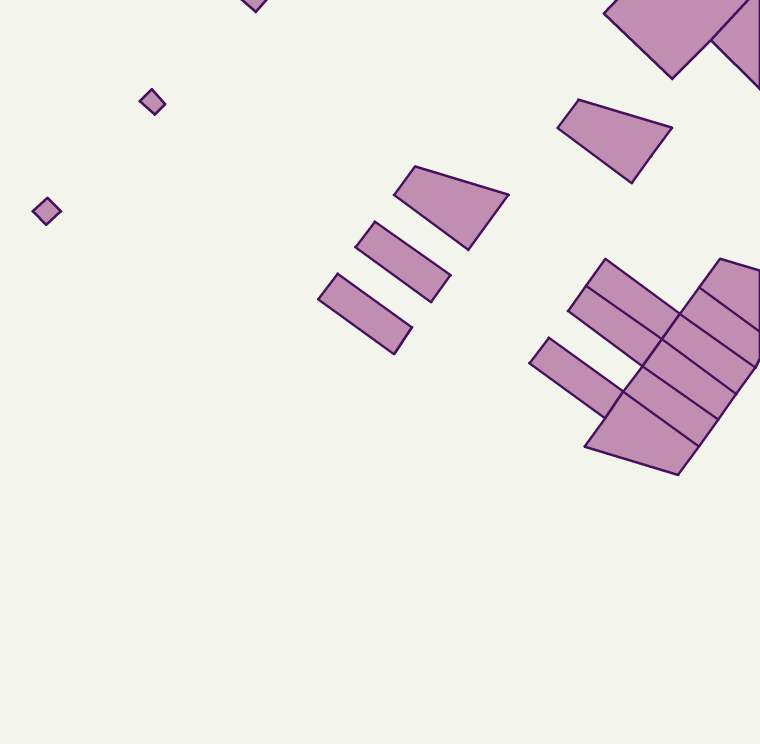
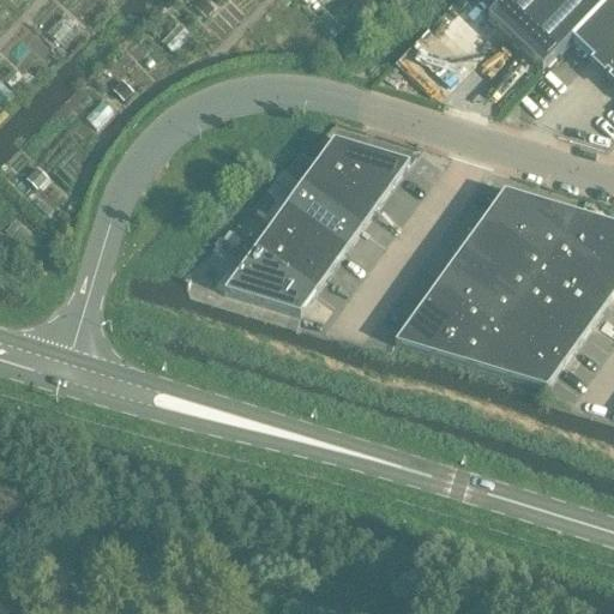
building: [558,100,672,183] -> [488,186,580,253]
building: none -> [302,157,378,222]
building: none -> [272,199,348,264]
building: none -> [224,241,318,308]
building: none -> [443,251,518,315]
building: none -> [396,293,488,360]

